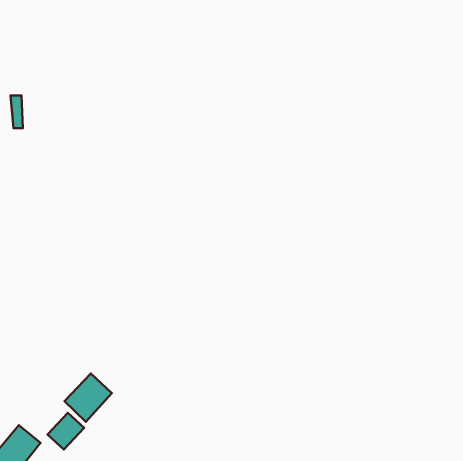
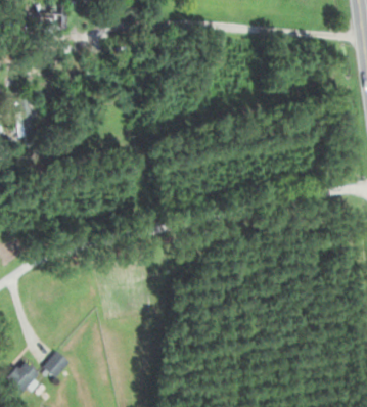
building: [64,373,112,422] -> none

